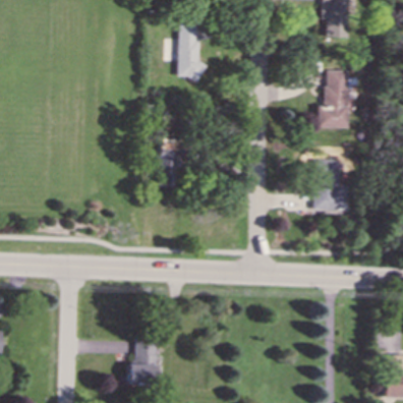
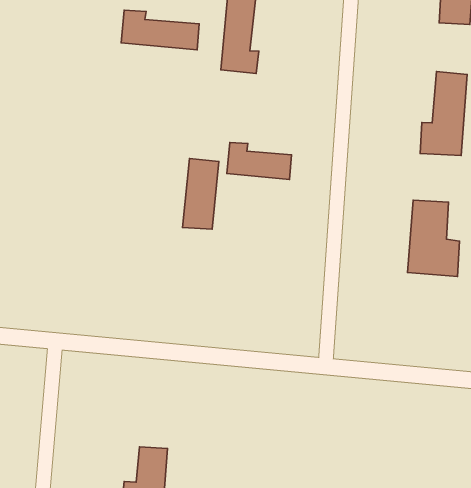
building: none -> [121,10,199,50]
building: none -> [227,142,292,180]

